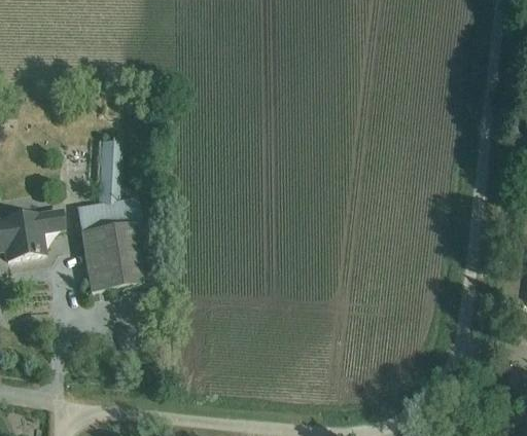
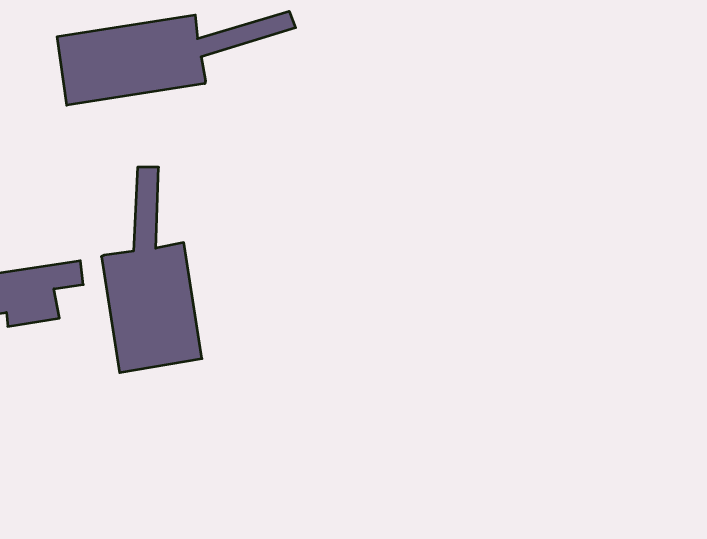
building: none -> [57,11,296,105]

